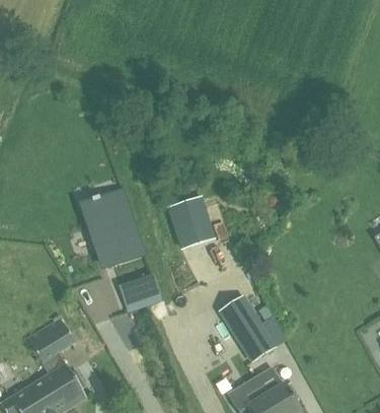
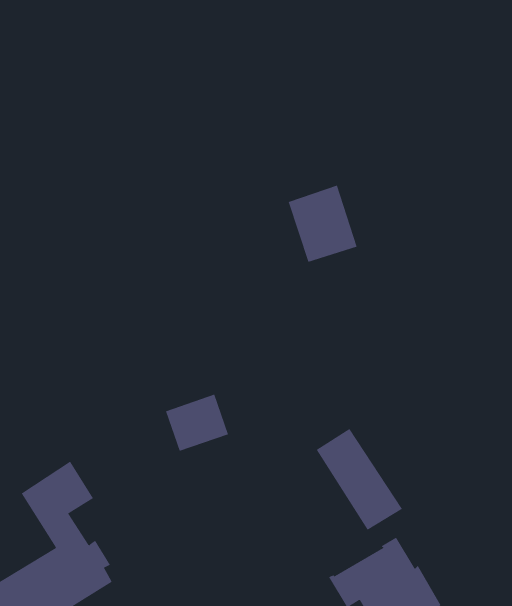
building: [81,190,145,268] -> none
building: [168,197,214,248] -> [288,185,358,262]

